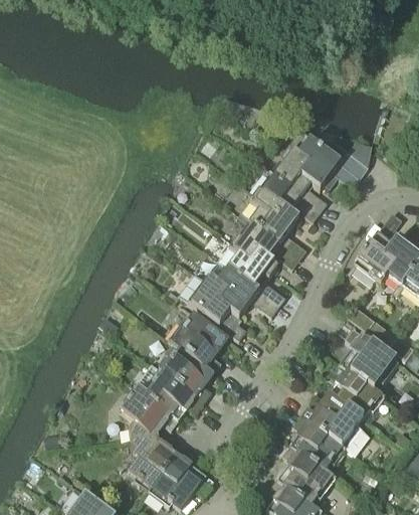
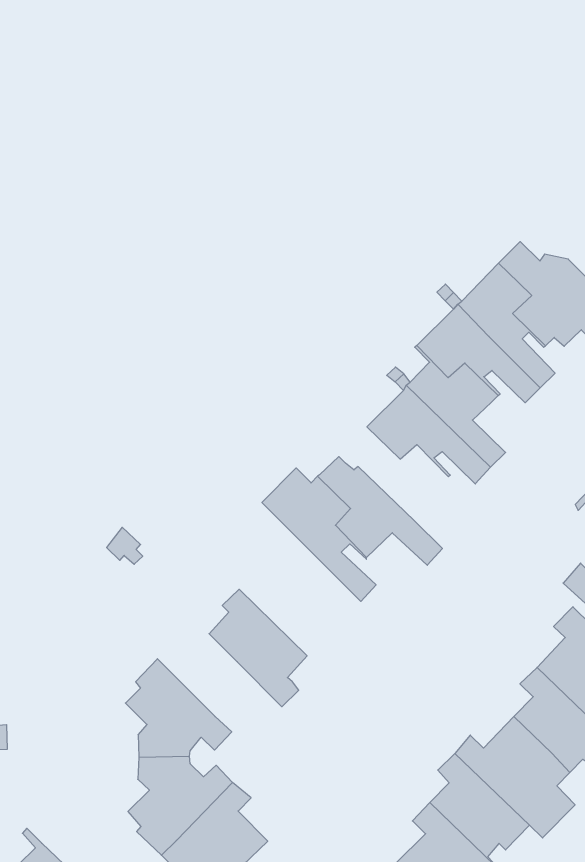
building: [217,245,286,306] -> none
building: [169,313,228,373] -> none
building: [134,362,204,419] -> none

